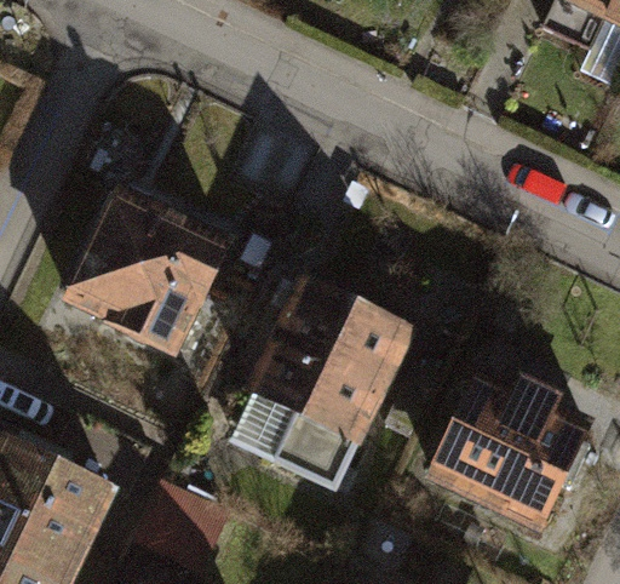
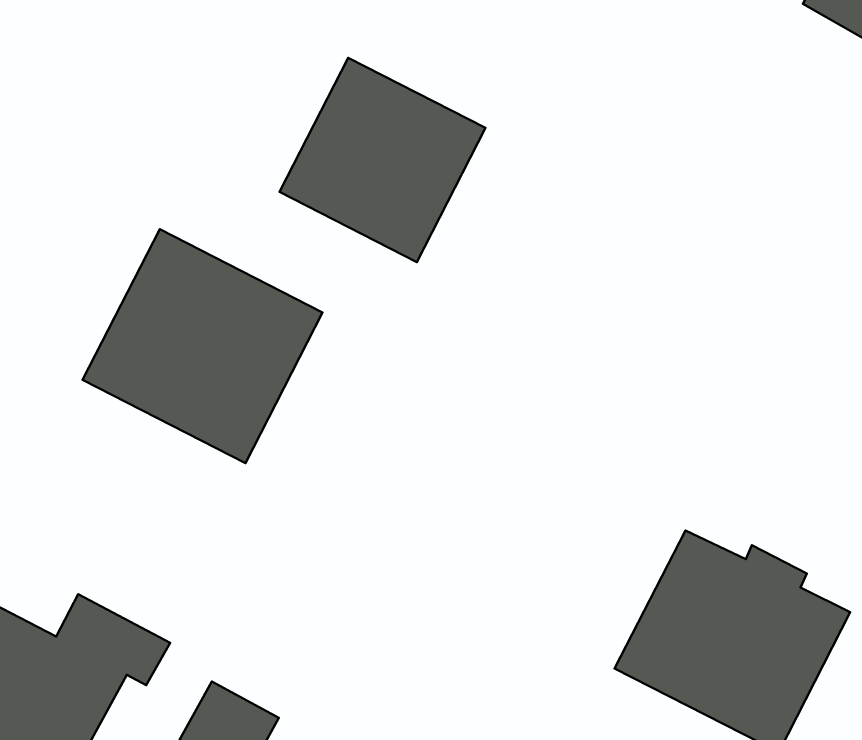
building: none -> [280,58,486,262]
building: [251,287,409,480] -> none

